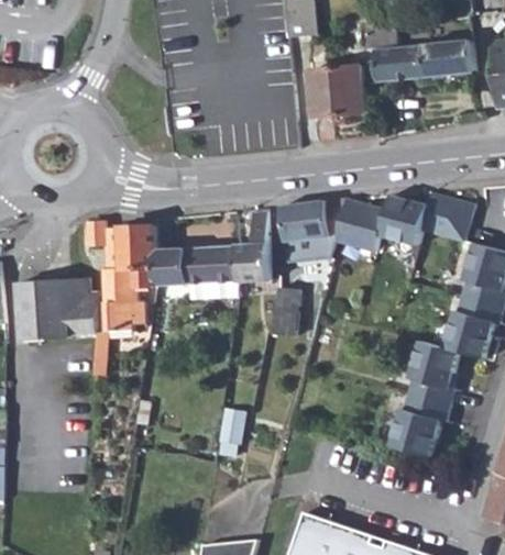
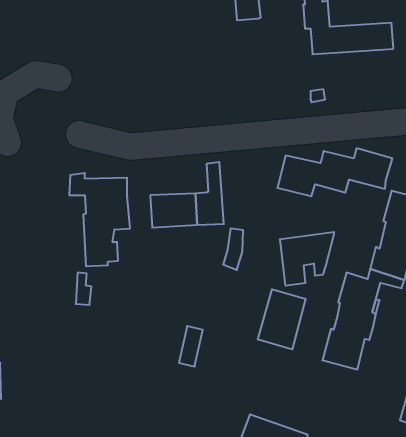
building: [306,65,363,120] -> none
building: [281,199,345,263] -> [280,232,334,285]
building: [156,248,186,288] -> none
building: [18,279,100,341] -> none
building: none -> [258,289,306,349]

